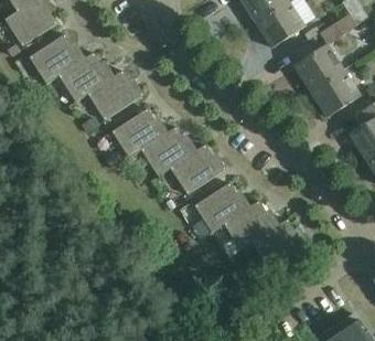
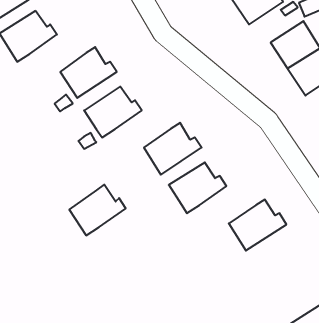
building: [58,52,114,102] -> none
building: [141,126,196,175] -> [69,185,126,235]
building: [223,200,279,256] -> none

